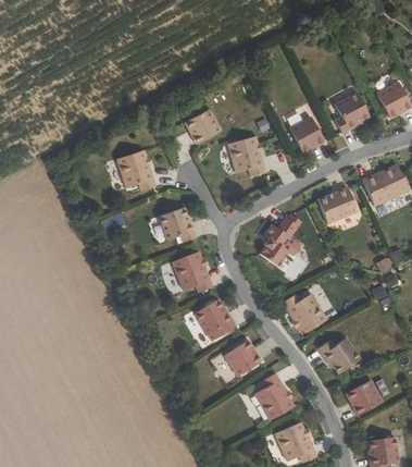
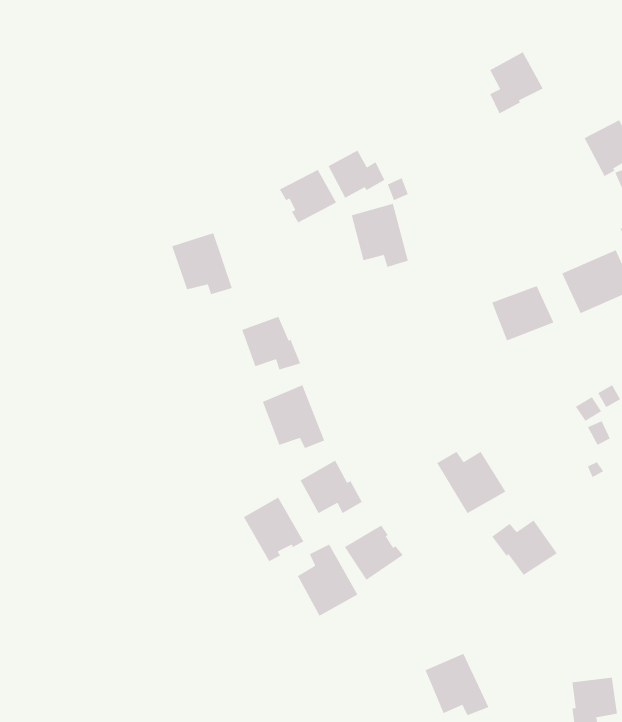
building: [335,93,370,133] -> [489,51,544,114]
building: none -> [328,149,386,199]
building: [289,116,324,153] -> none
building: [259,216,298,266] -> none
building: none -> [243,496,305,562]
building: [254,372,294,419] -> [297,543,359,617]
building: [346,379,382,414] -> none

